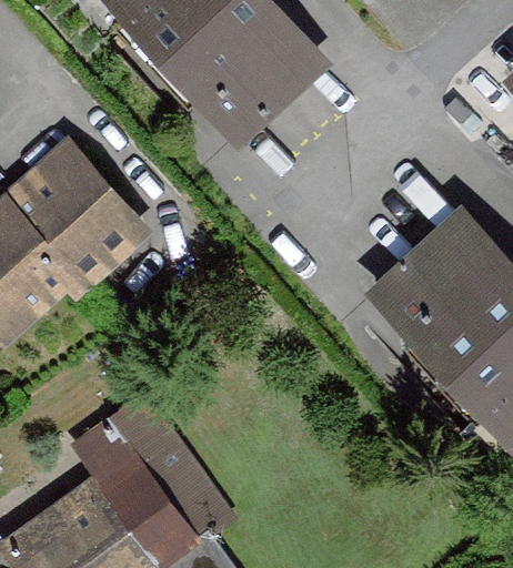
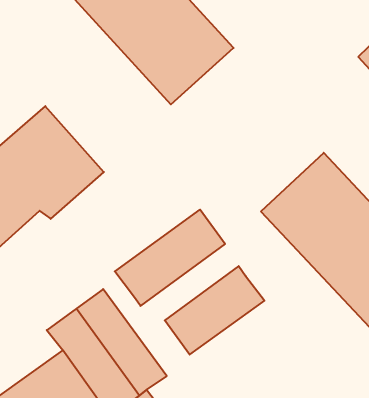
building: none -> [115,210,225,306]
building: none -> [165,266,264,355]

